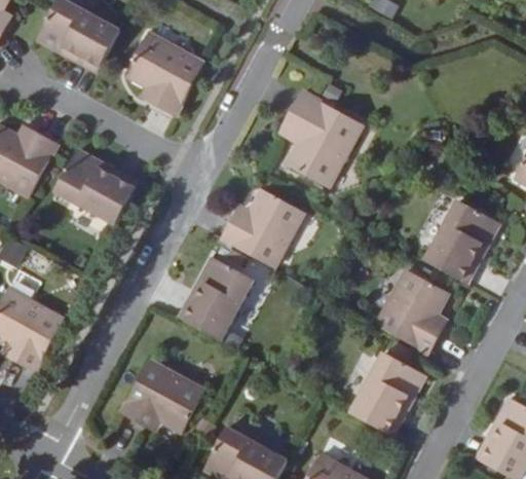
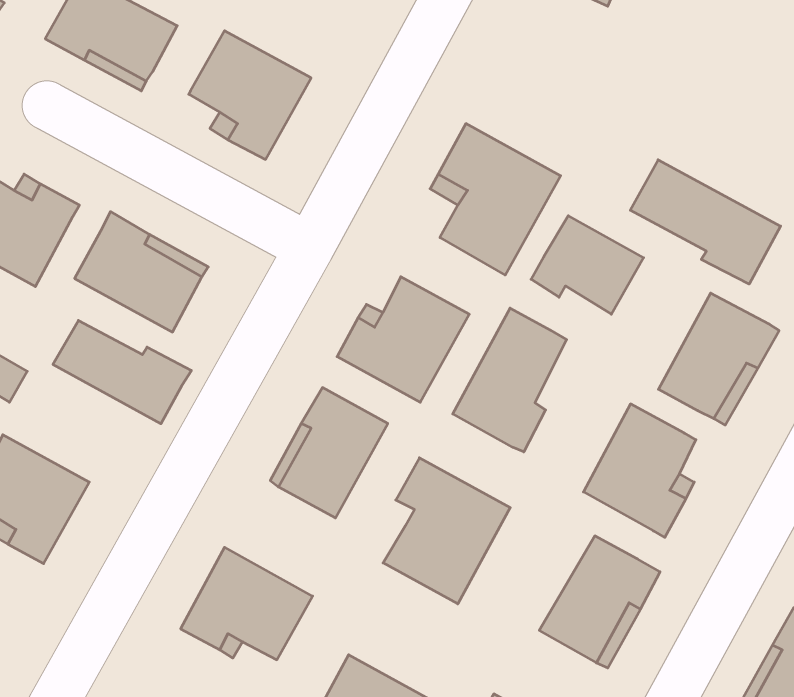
building: none -> [630,160,781,284]
building: none -> [531,216,644,314]
building: none -> [453,308,567,452]
building: none -> [53,320,191,424]
building: none -> [383,458,510,604]

